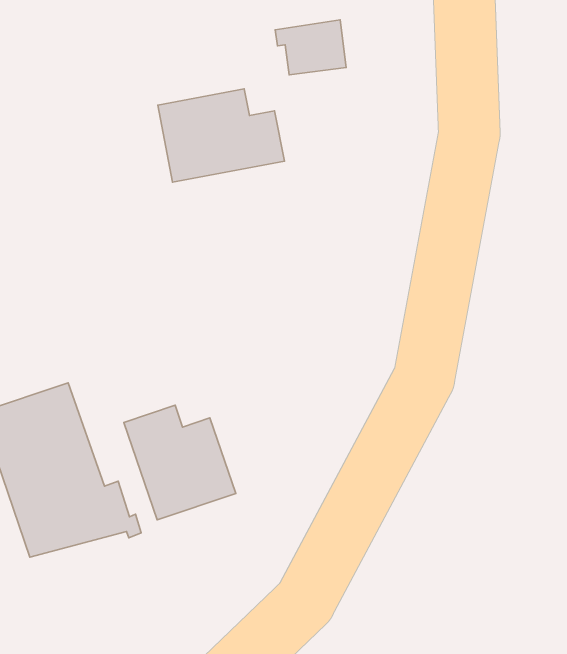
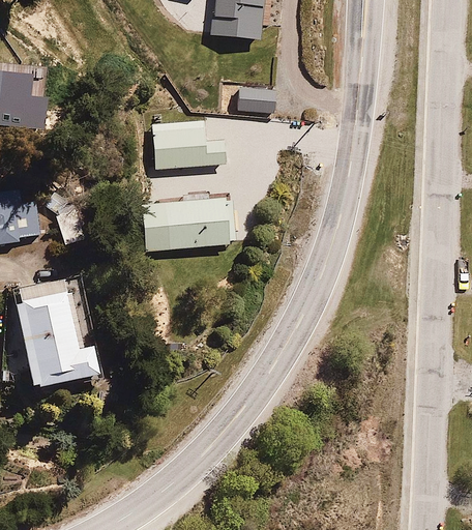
building: none -> [145,188,238,252]
building: [124,405,236,520] -> none

